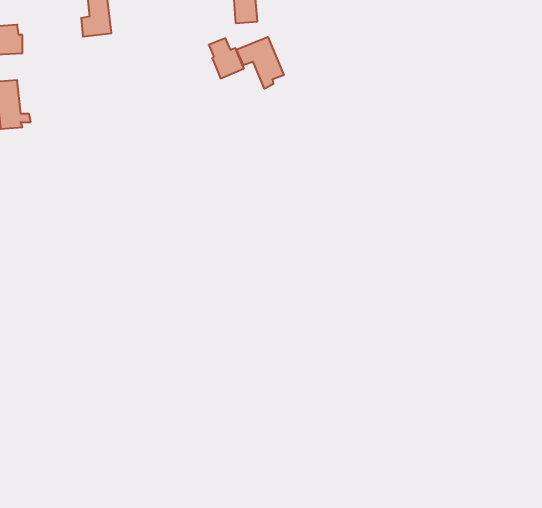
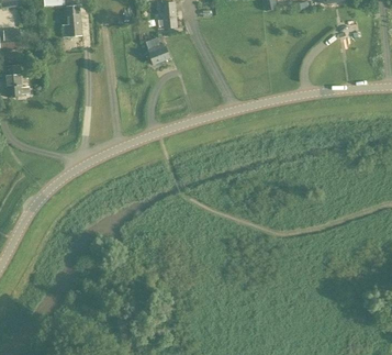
building: [237,37,284,89] -> none

